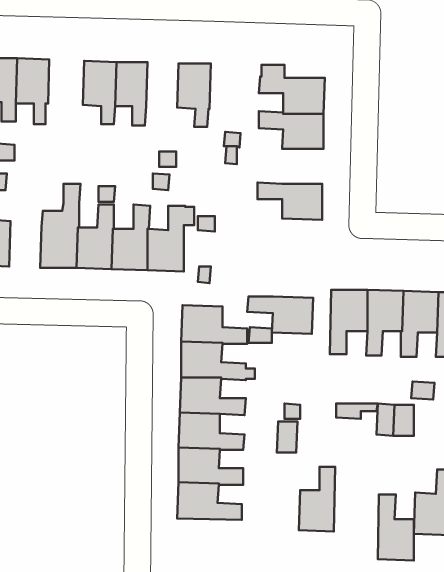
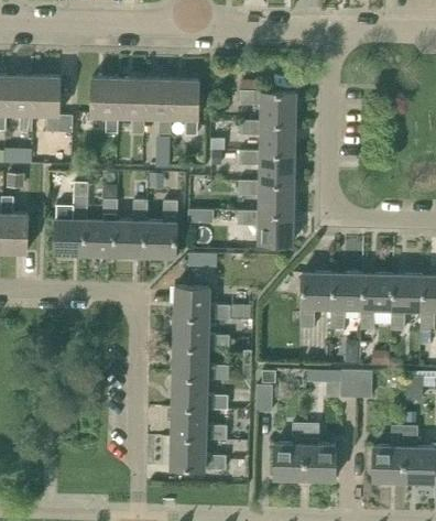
building: none -> [144,79,172,134]
building: none -> [240,152,295,183]
building: [247,296,313,334] -> [238,213,294,245]
building: [378,495,414,560] -> [304,424,335,480]

